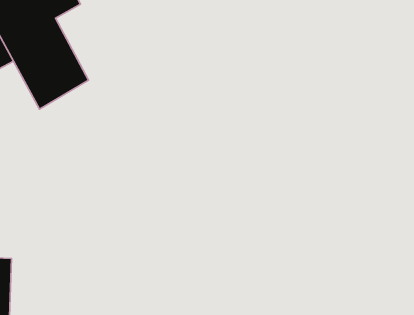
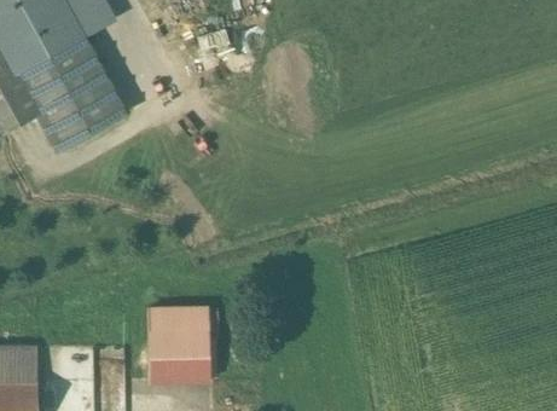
building: none -> [149,303,211,381]

